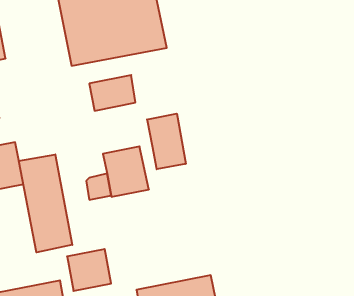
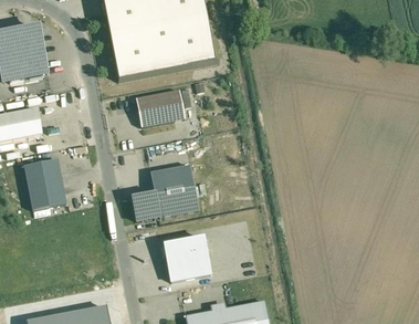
building: [147,114,186,169] -> none
building: [19,154,72,252] -> none
building: [67,249,111,291] -> [164,237,210,281]

